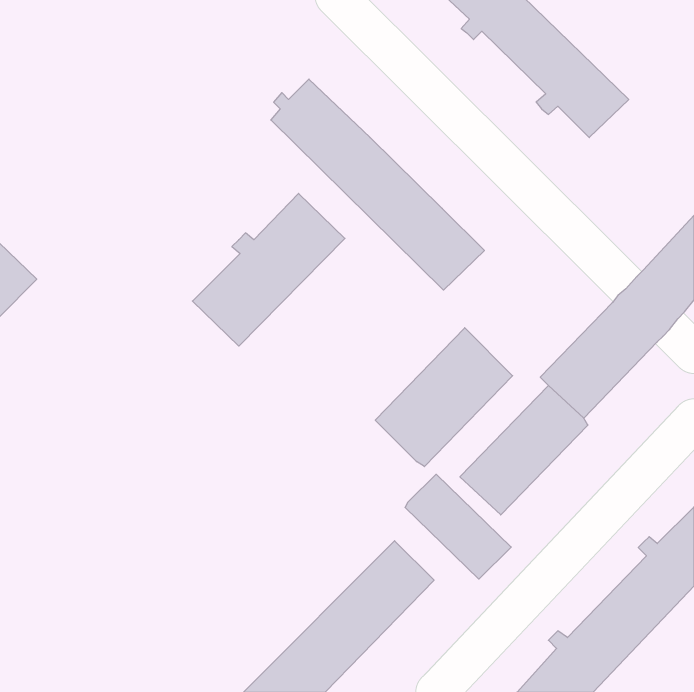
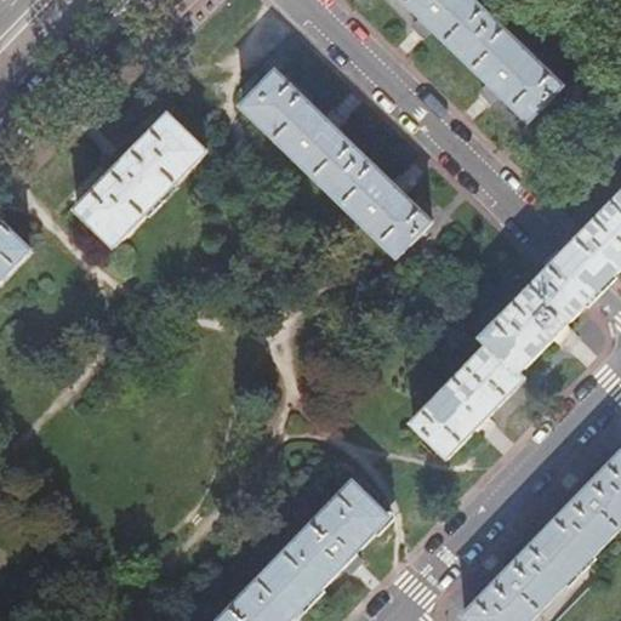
building: [192,193,345,346] -> [73,112,209,247]
building: [375,328,513,467] -> none
building: [405,474,511,579] -> none

